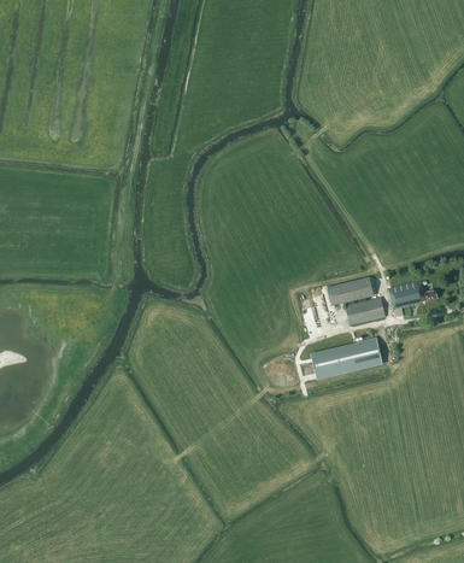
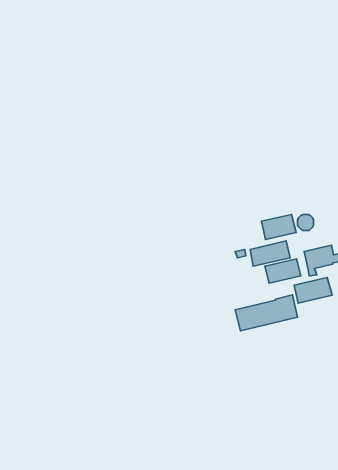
building: none -> [261,215,296,239]
building: none -> [294,278,332,303]

